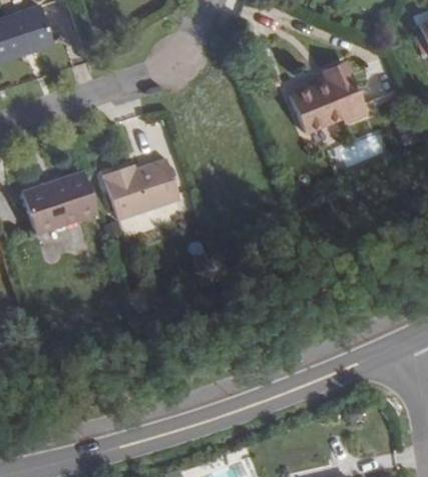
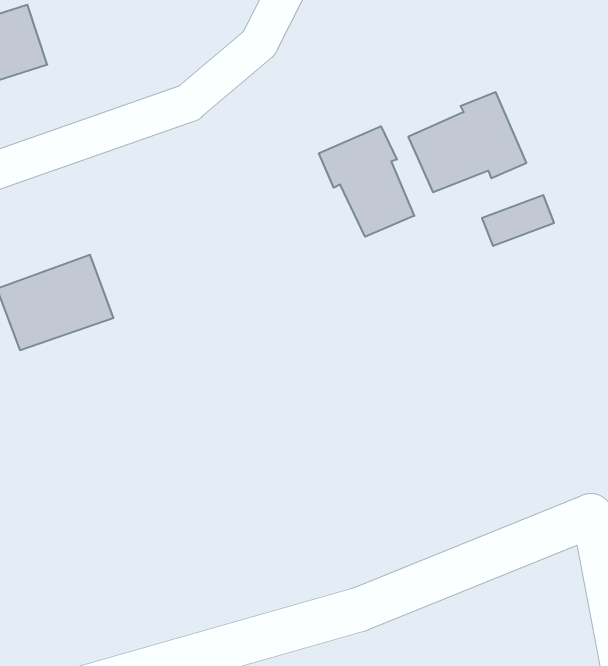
building: none -> [319,126,414,237]
building: [104,163,178,221] -> none

